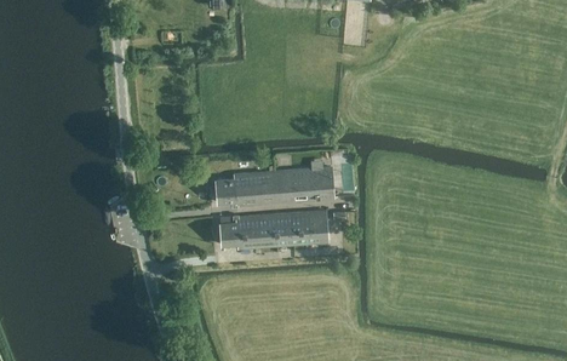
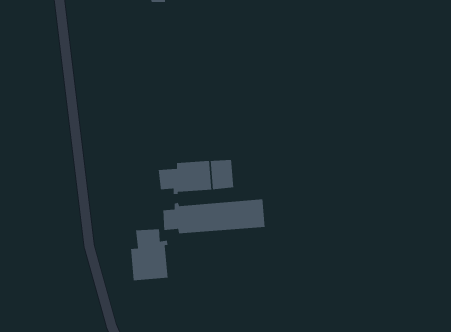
building: [293,165,334,197] -> none
building: none -> [130,229,169,281]

